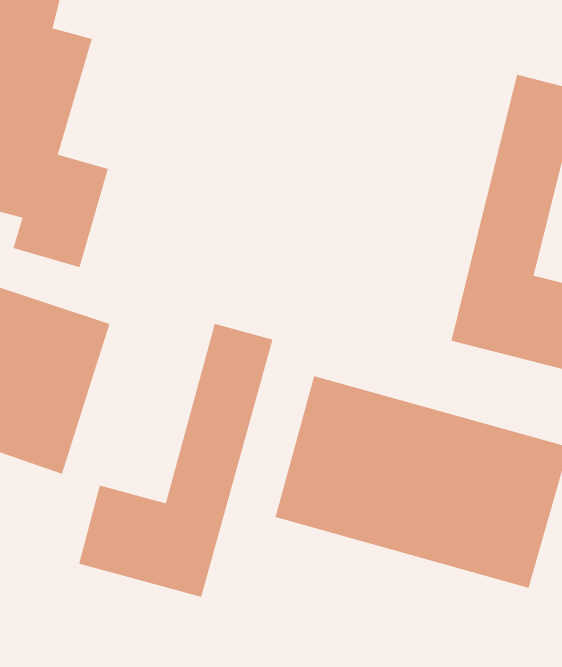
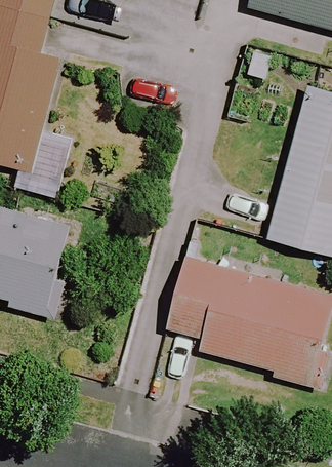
building: [78,323,274,598] -> none

